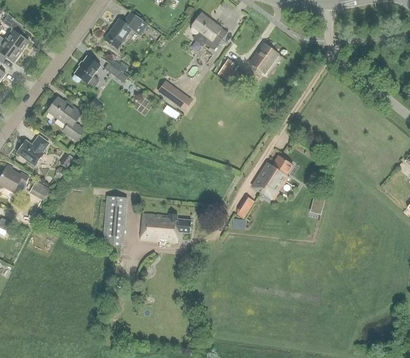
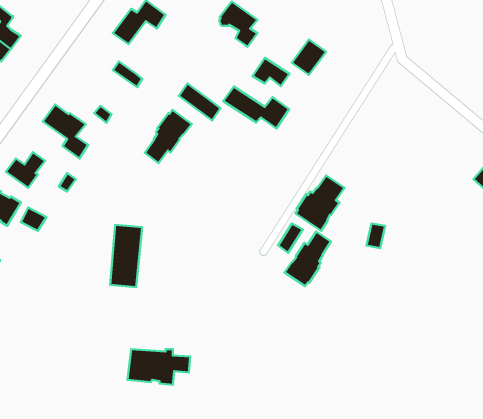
building: [72,55,100,85] -> none
building: none -> [223,86,289,128]
building: none -> [145,110,192,163]
building: none -> [285,232,331,286]
building: [140,213,191,242] -> [127,349,190,385]

